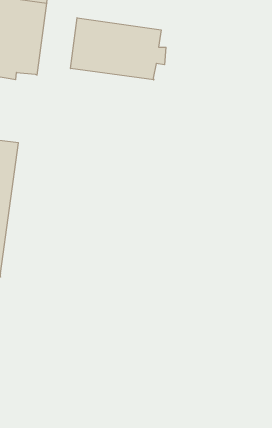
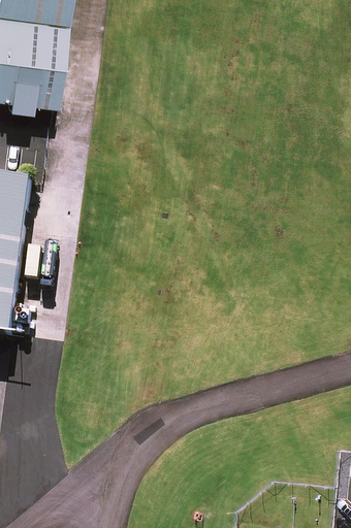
building: [71,18,166,80] -> none

